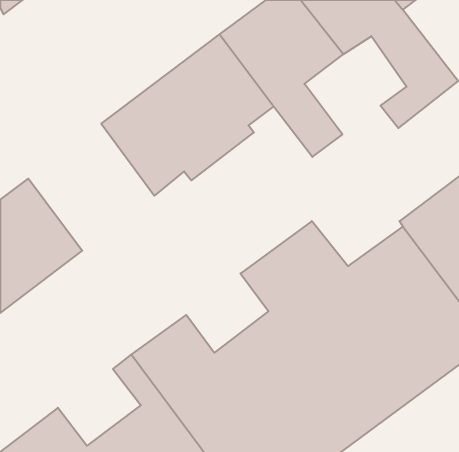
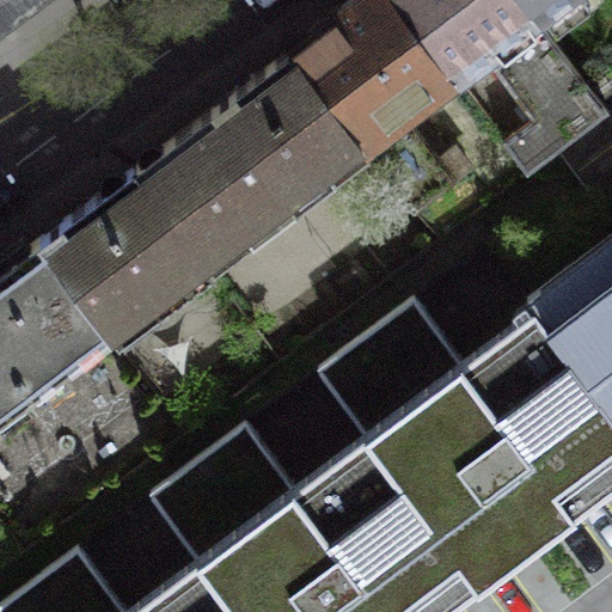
building: none -> [41,176,215,344]

